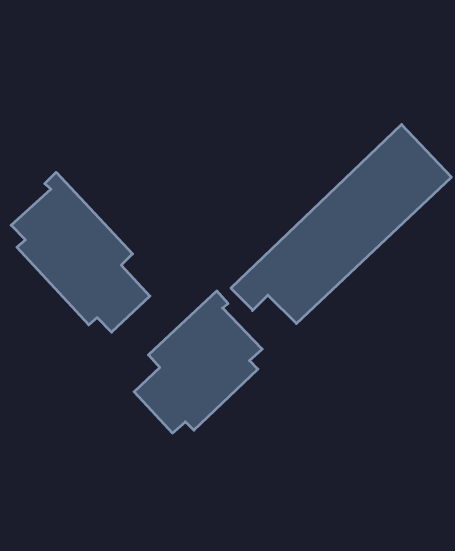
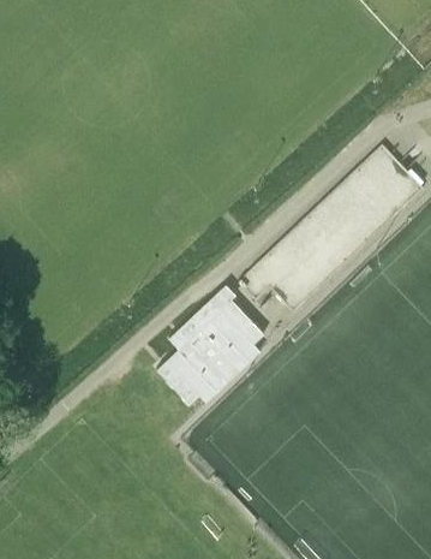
building: [11,172,150,332] -> none

